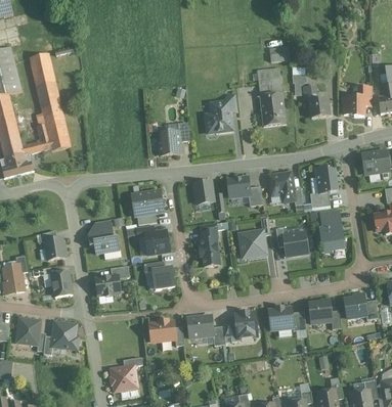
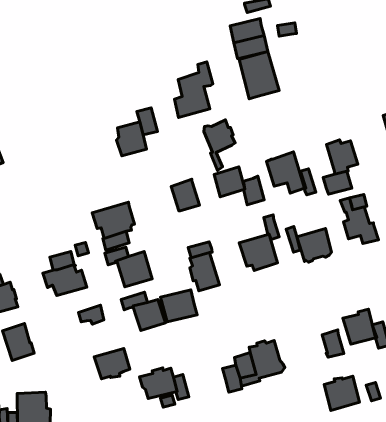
building: [305,86,329,117] -> none
building: [343,87,363,116] -> none
building: none -> [204,120,235,170]
building: [94,275,120,296] -> [94,348,130,379]
building: [268,306,293,329] -> [324,376,359,411]
building: [187,315,213,336] -> [161,290,197,322]

